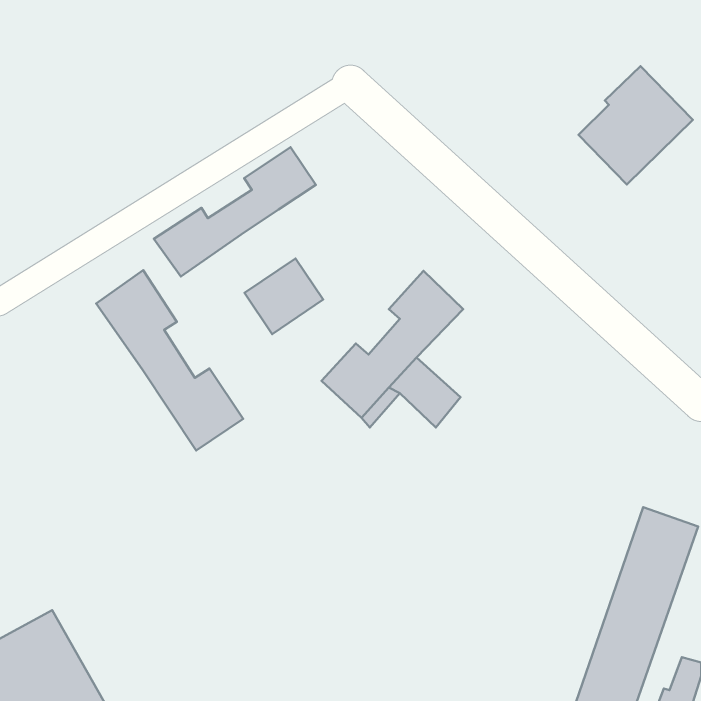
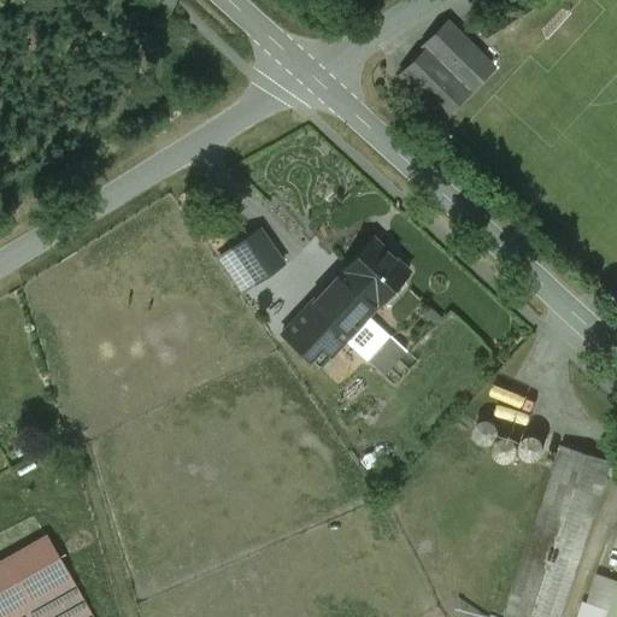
building: [579,66,693,184] -> [396,17,496,121]
building: [154,147,316,277] -> none
building: [96,270,243,451] -> none

